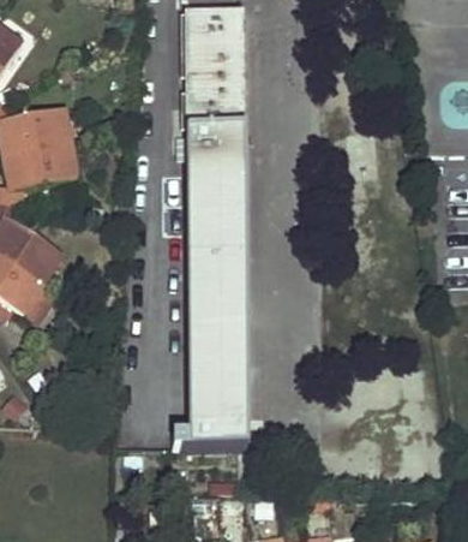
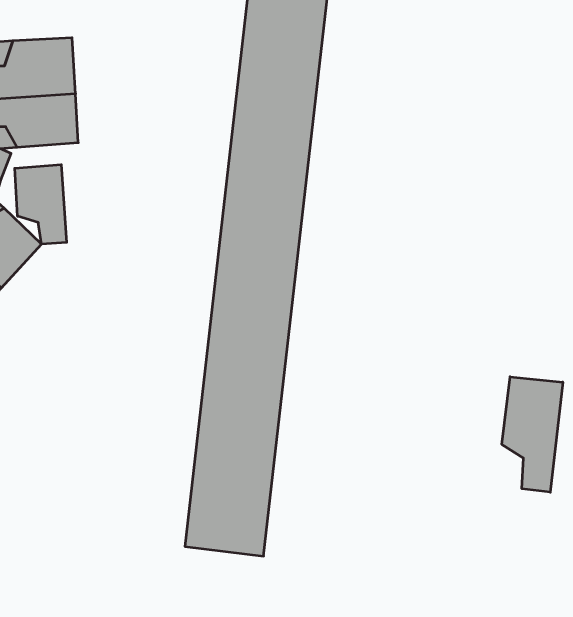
building: none -> [15,165,67,244]
building: none -> [502,377,563,492]

